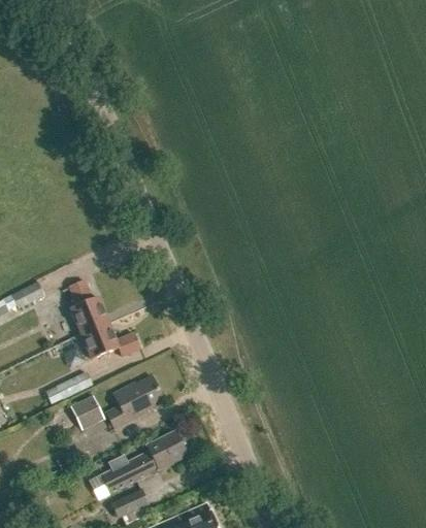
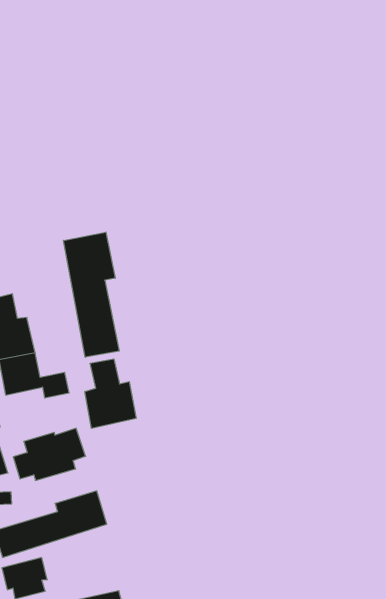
building: none -> [64,232,119,357]
building: none -> [85,359,136,428]

